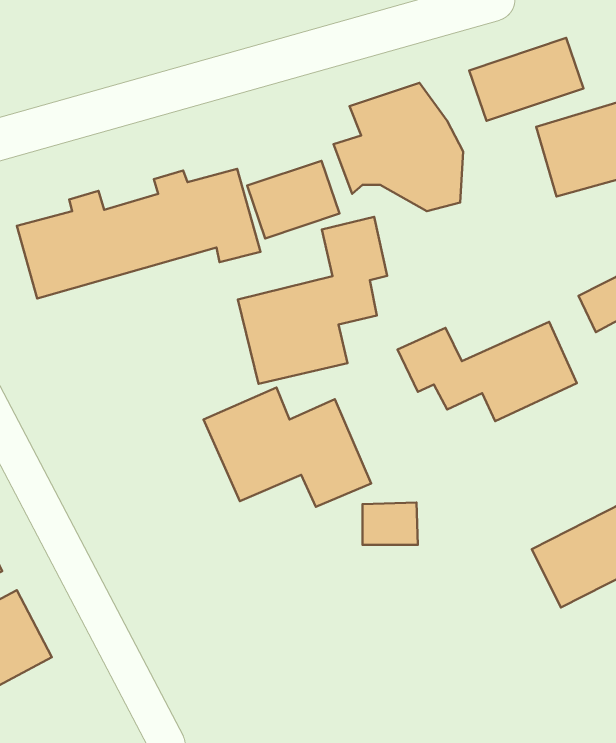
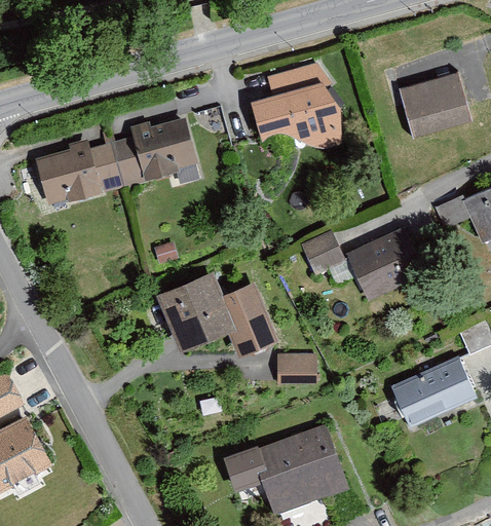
building: [469,38,584,121] -> none
building: [247,161,339,238] -> none
building: [238,217,387,384] -> none
building: none -> [225,421,351,516]

